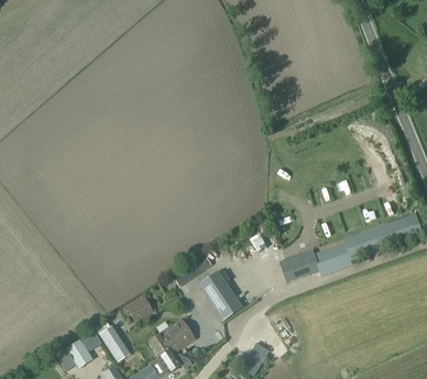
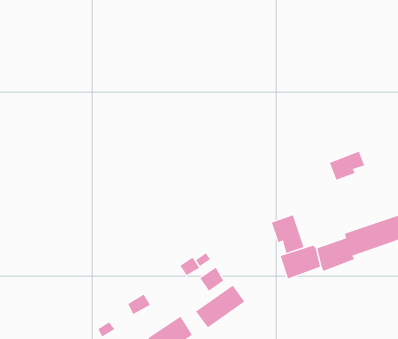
building: none -> [329,151,365,180]
building: none -> [271,214,304,254]

